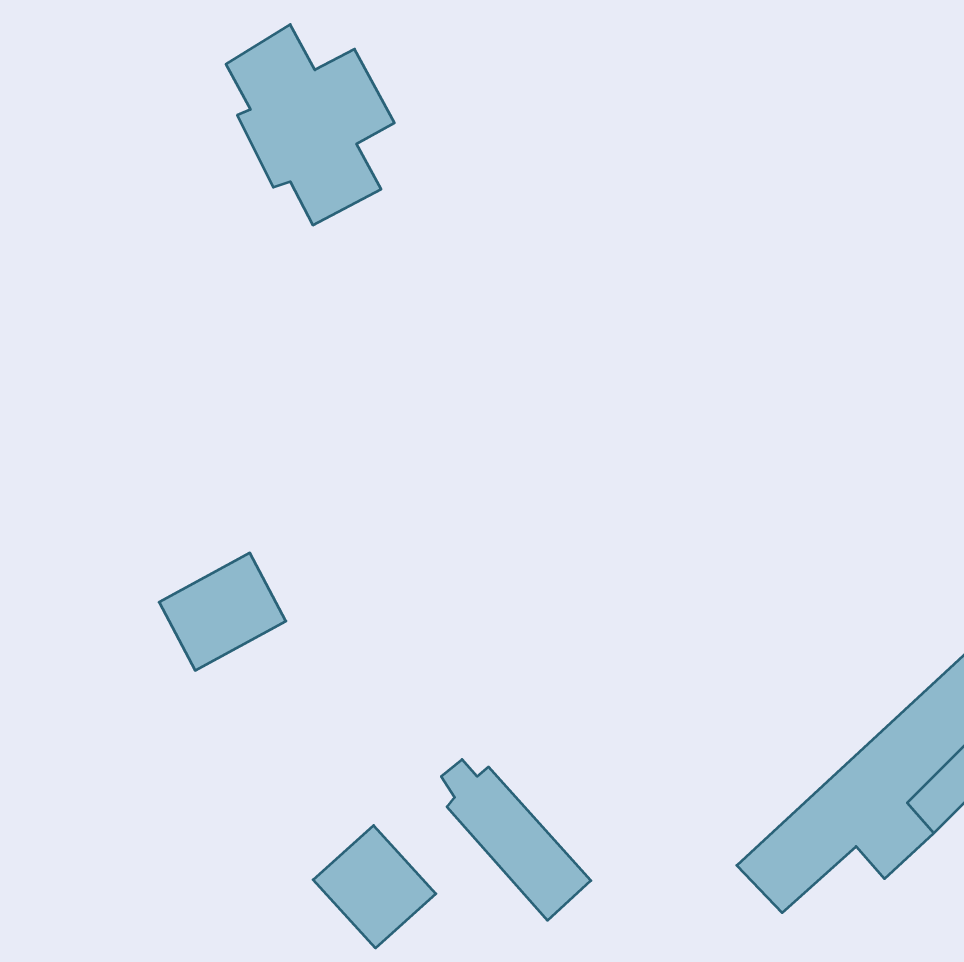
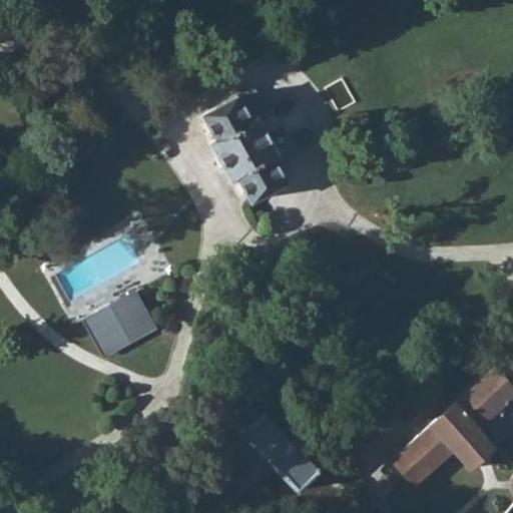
building: [226,24,394,225] -> [205,96,295,202]
building: [313,825,436,948] -> none

